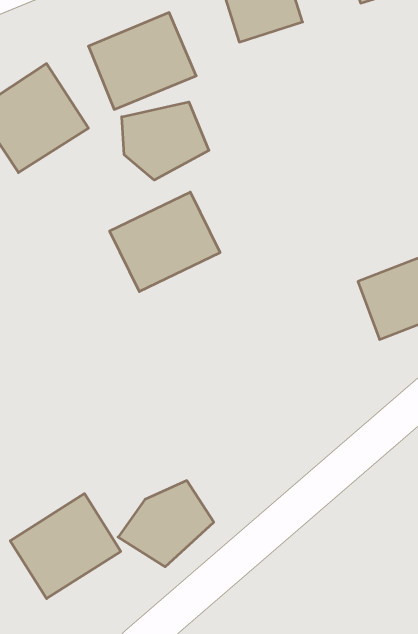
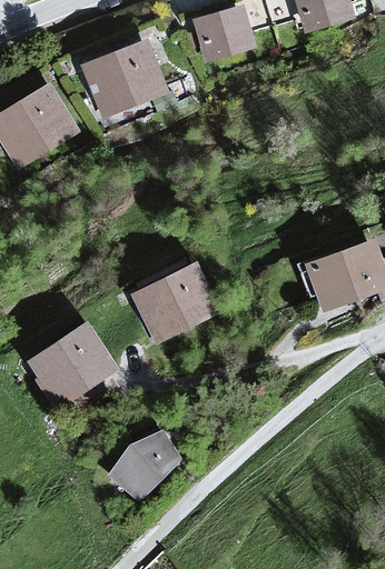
building: [122,102,209,180] -> none
building: [110,192,220,292] -> [131,260,223,342]
building: [10,494,121,599] -> [26,320,117,407]

